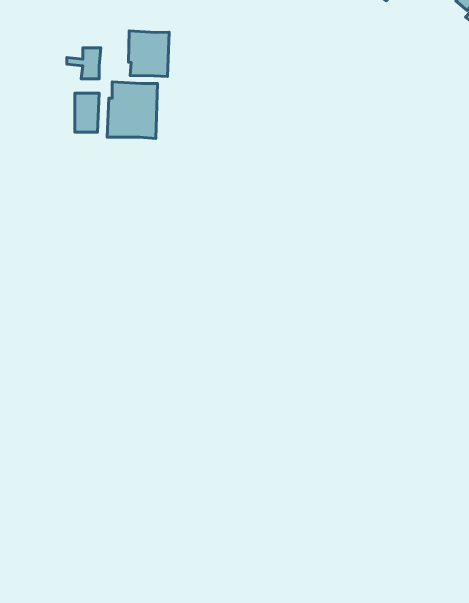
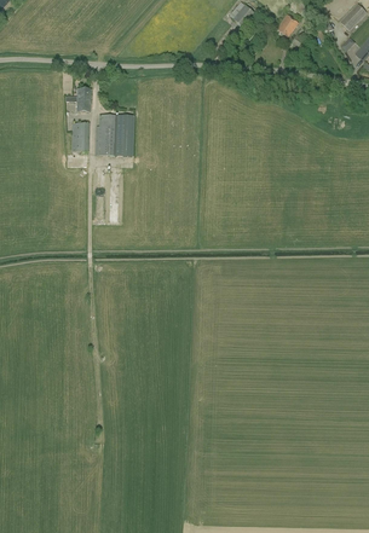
building: [128,31,169,77] -> none

